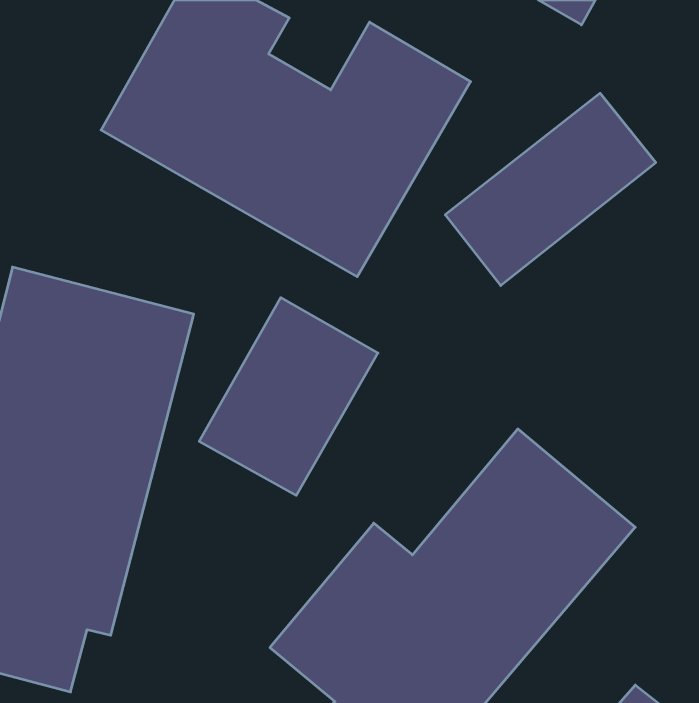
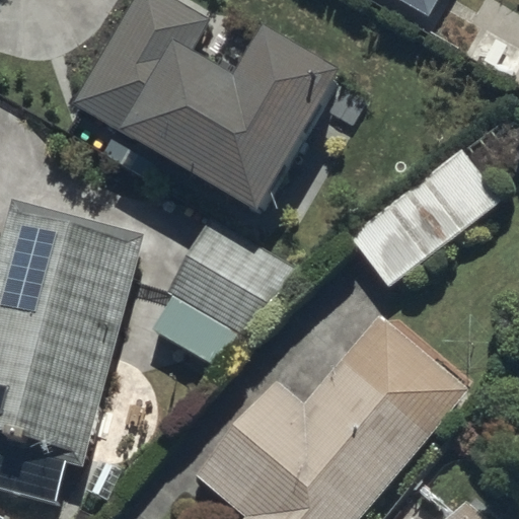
building: [445,93,656,286] -> [348,150,502,291]

